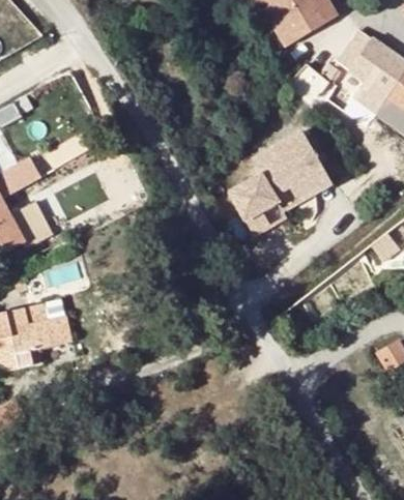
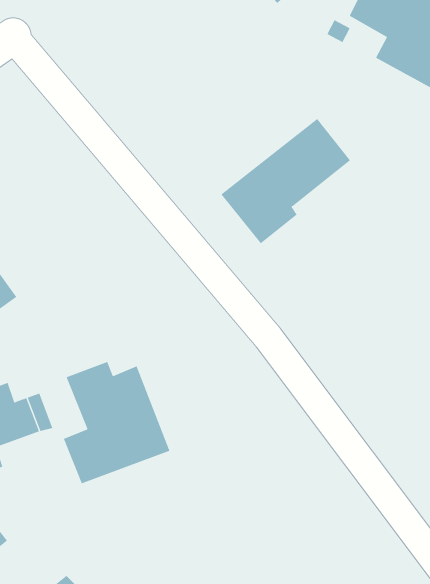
building: [247,169,333,238] -> none
building: none -> [63,361,170,484]

